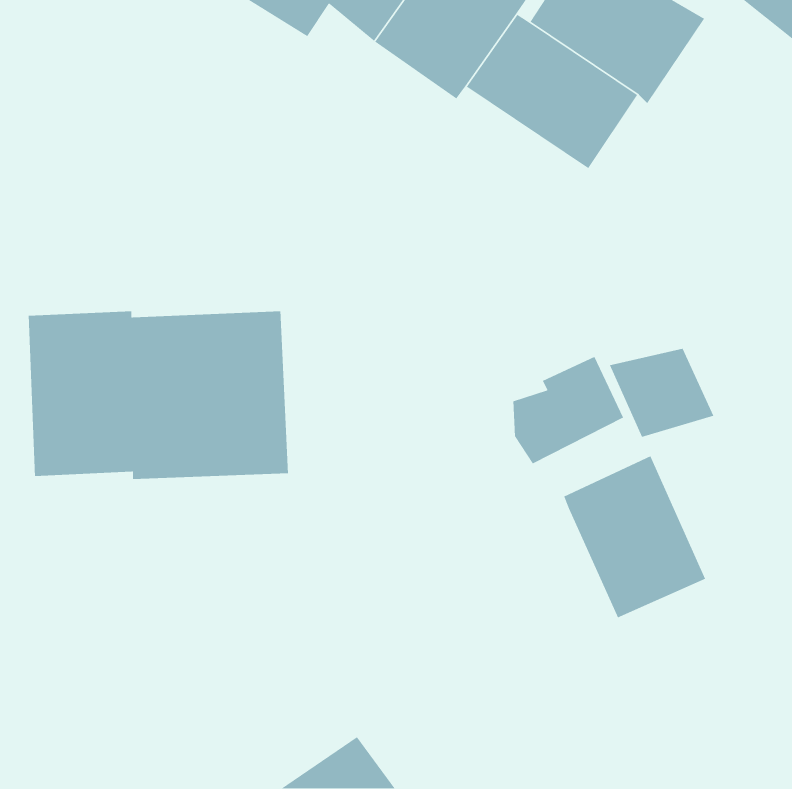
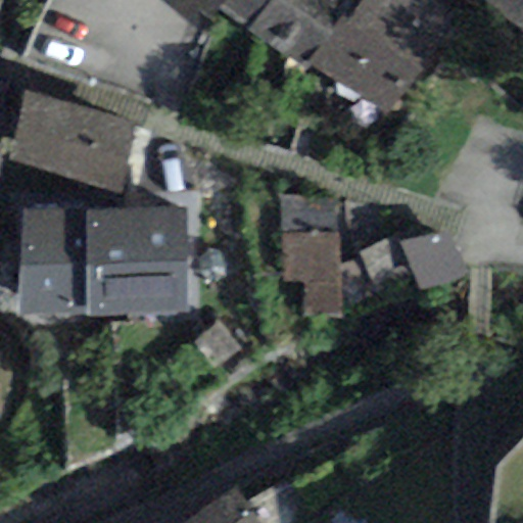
building: none -> [10,90,133,191]
building: none -> [280,194,340,315]
building: [563,455,706,619] -> none

